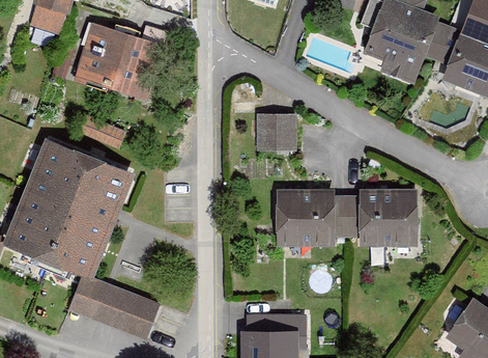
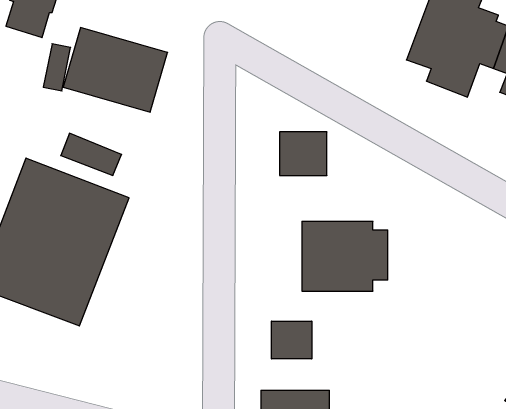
building: [347,188,418,246] -> none
building: none -> [272,321,312,359]
building: [68,275,160,338] -> none

